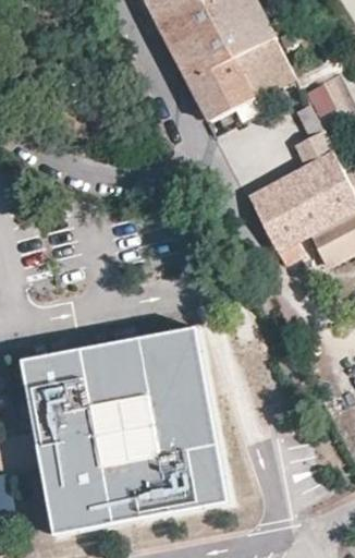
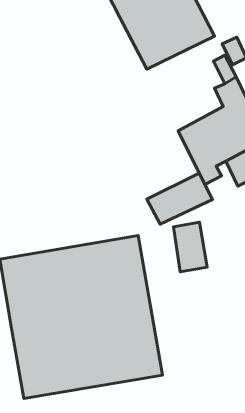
building: none -> [147,173,212,224]
building: none -> [173,222,207,272]

